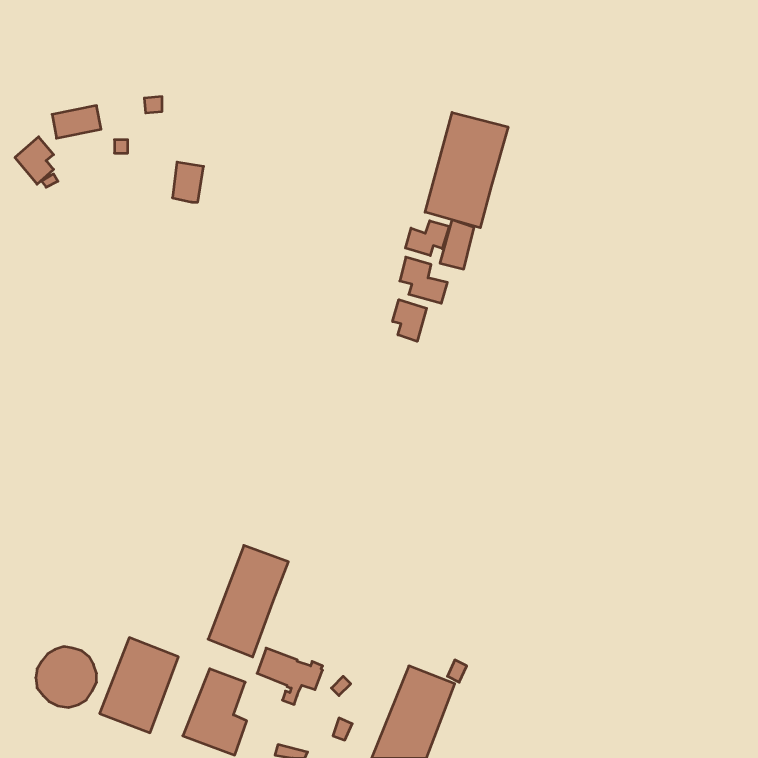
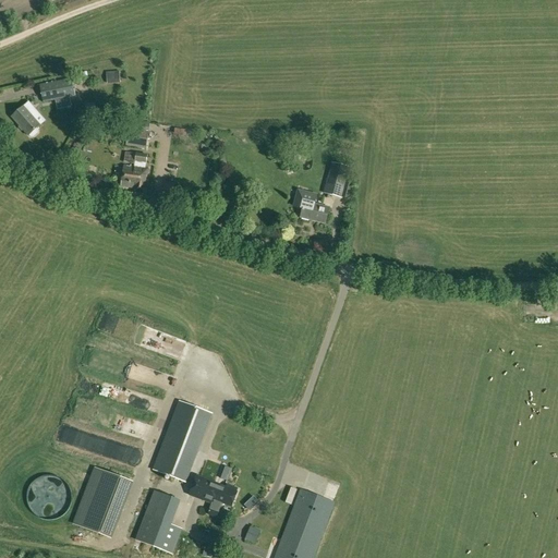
building: [425,112,508,228] -> none
building: none -> [120,151,147,191]
building: [405,221,449,256] -> none
building: [393,300,427,341] -> none

